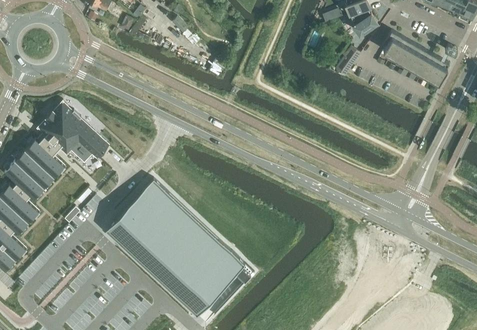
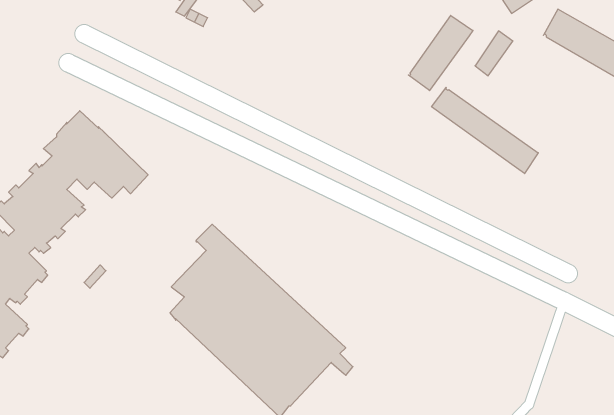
building: none -> [408,15,473,91]
building: none -> [432,87,538,174]

